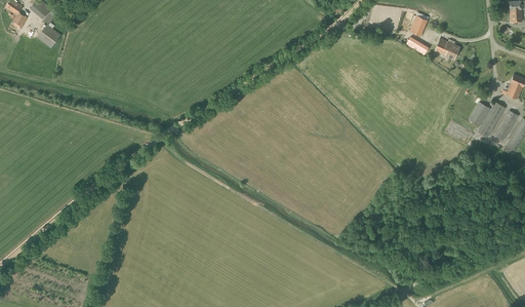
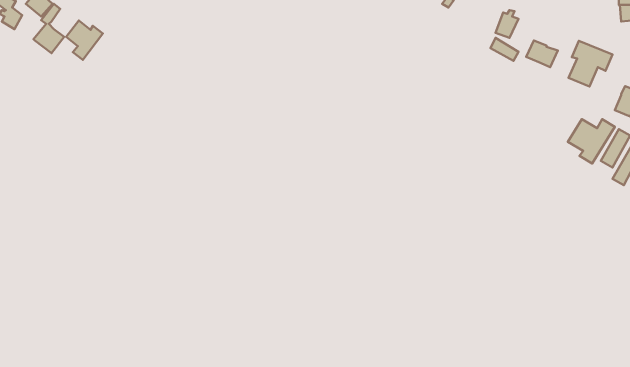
building: none -> [66,21,103,60]
building: none -> [569,41,613,87]

